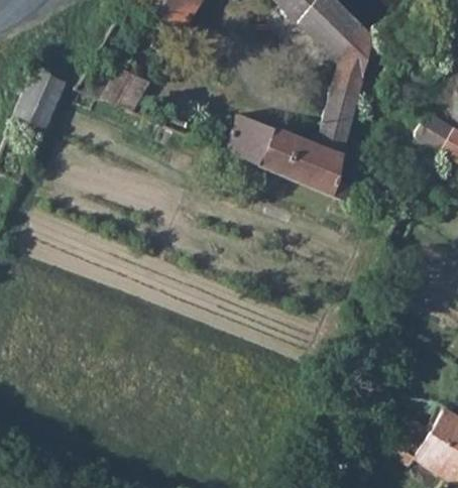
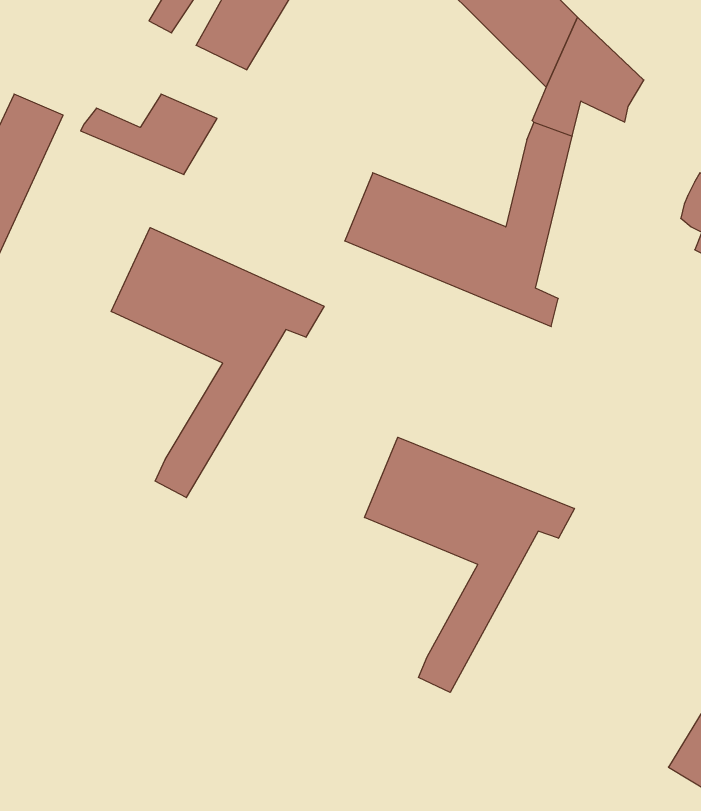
building: none -> [111,228,324,498]
building: none -> [365,437,574,692]

